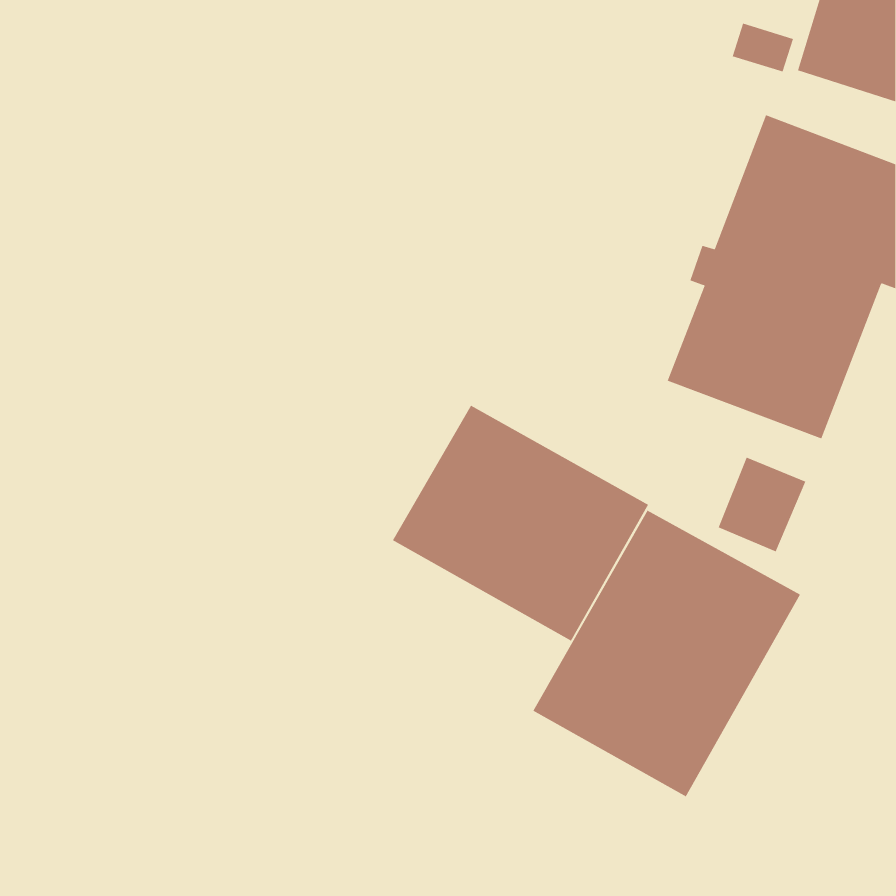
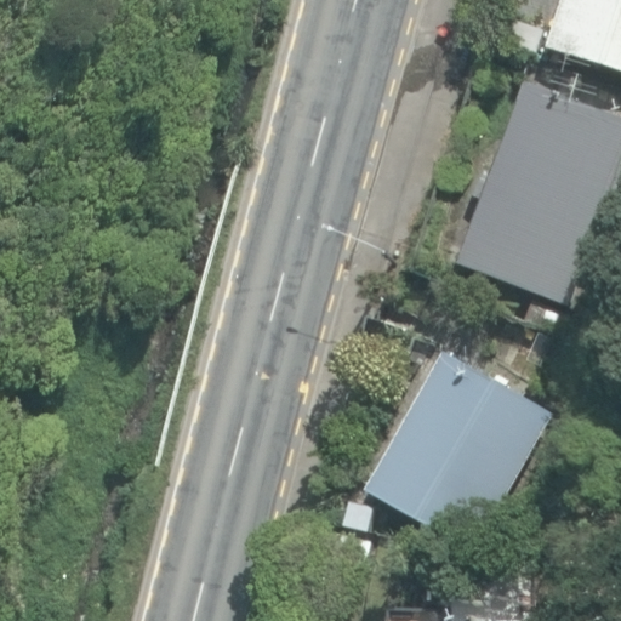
building: [392,405,649,642] -> none

